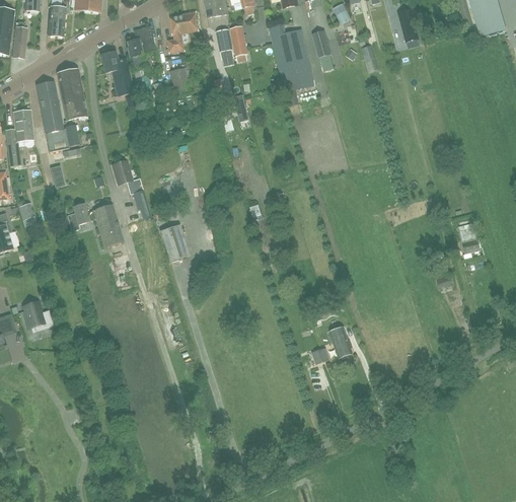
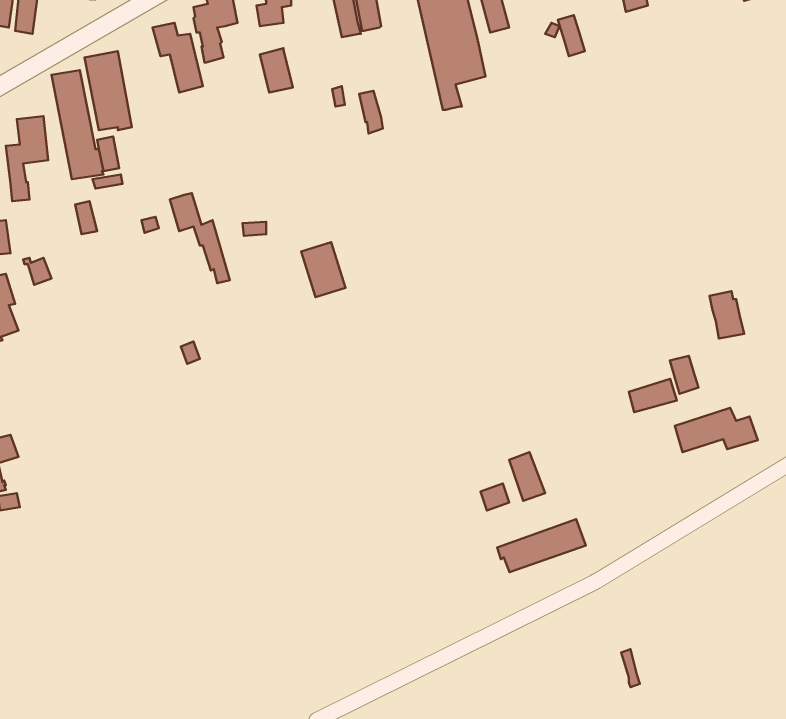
building: [67,202,124,246] -> none
building: [160,224,189,260] -> [301,242,345,297]
building: none -> [629,379,677,412]
building: none -> [675,408,758,452]
building: [24,300,52,327] -> none
building: none -> [497,519,586,572]

